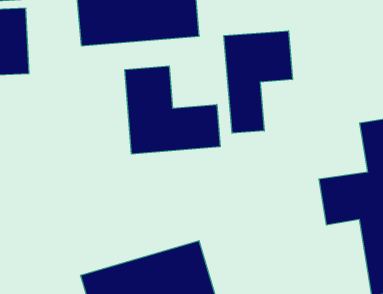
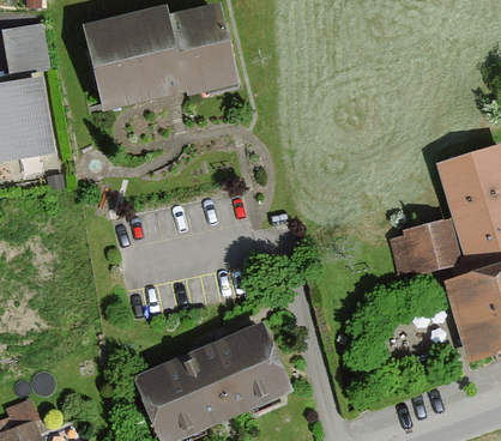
building: [224,31,292,133] -> none
building: [125,66,220,154] -> none

